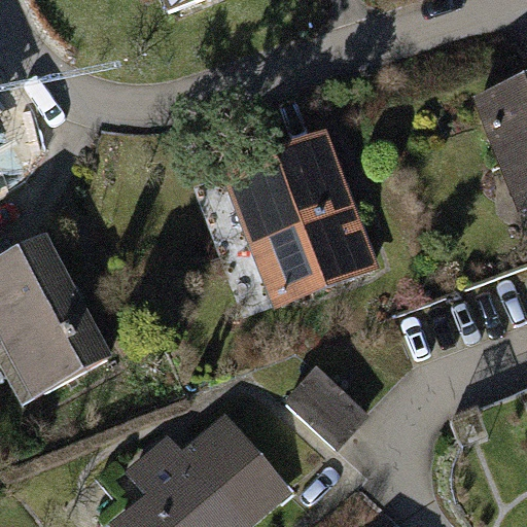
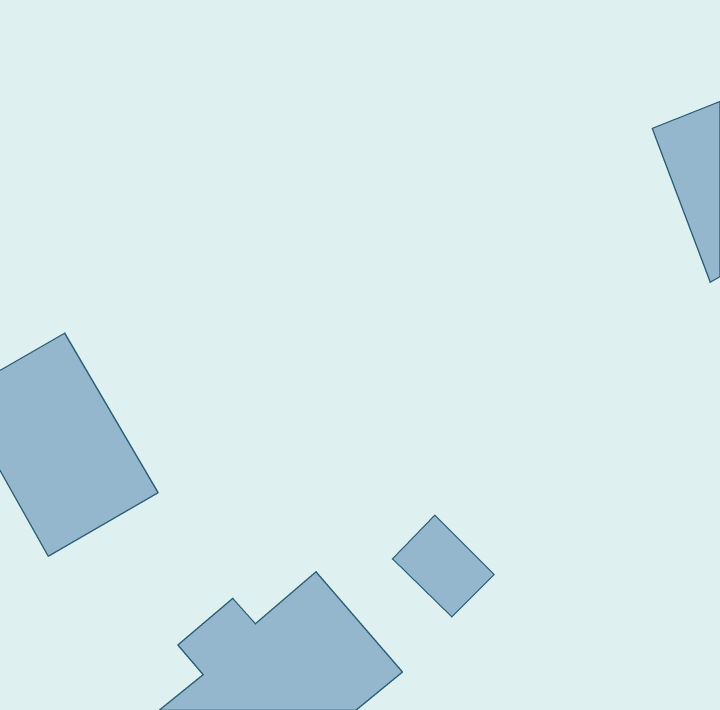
building: [217,137,376,310] -> none

